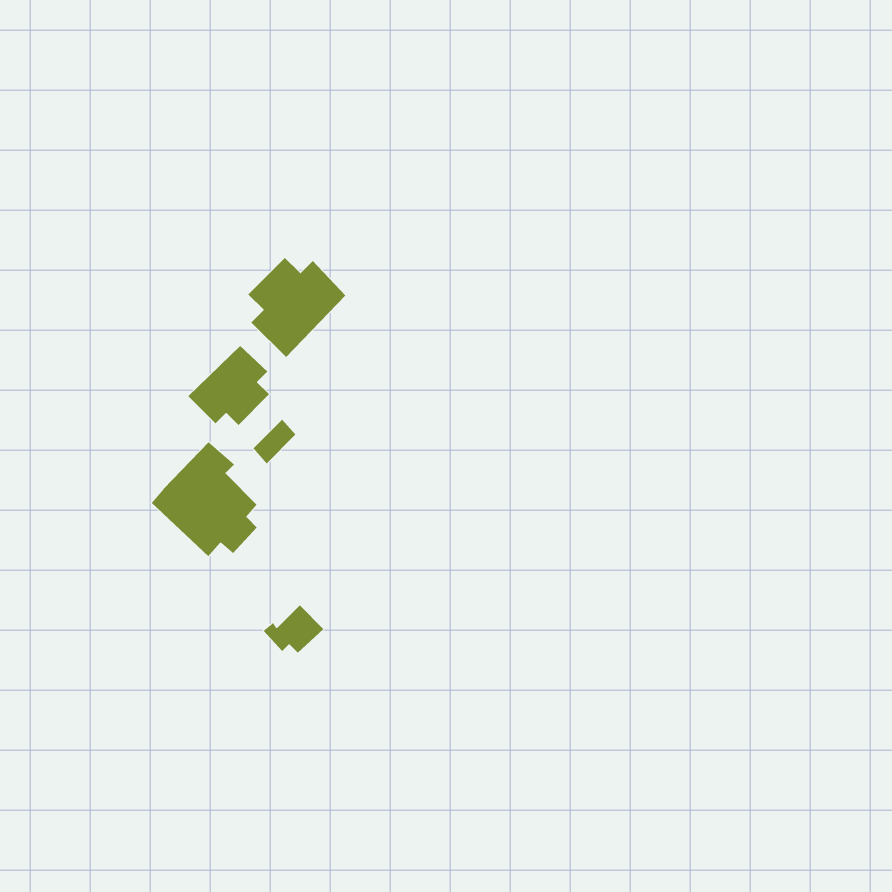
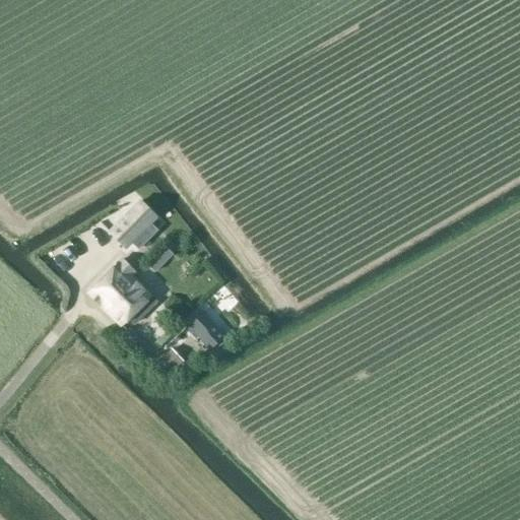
building: [247,257,346,358] -> none
building: none -> [186,310,232,350]

